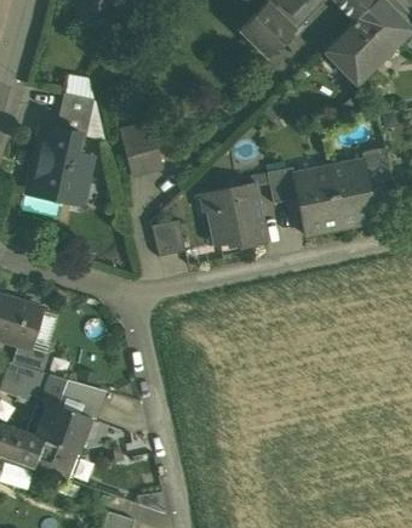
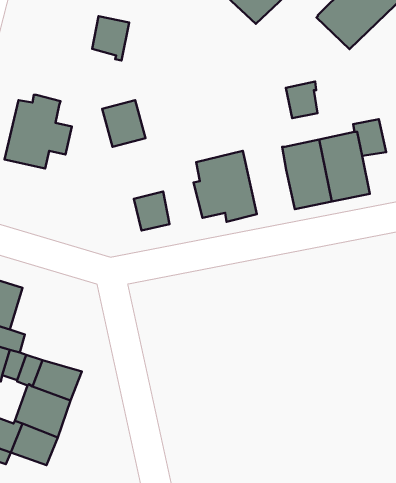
building: [58,93,93,136] -> [92,16,129,60]
building: [267,166,297,201] -> [286,81,318,118]

